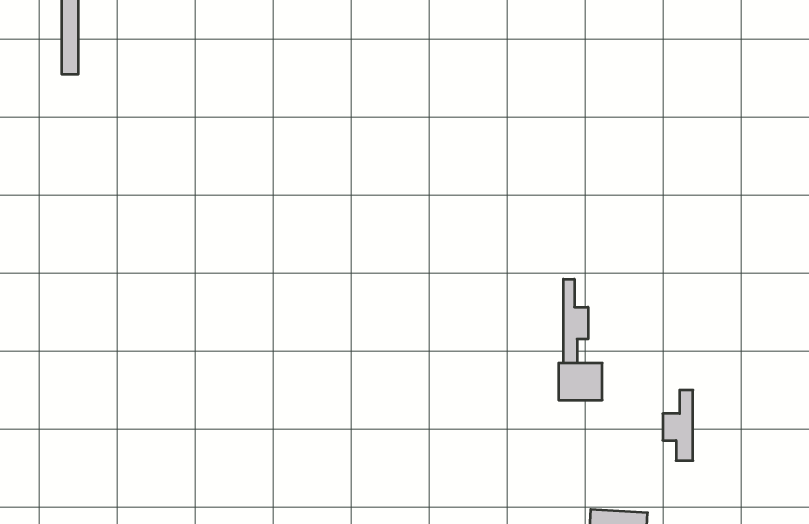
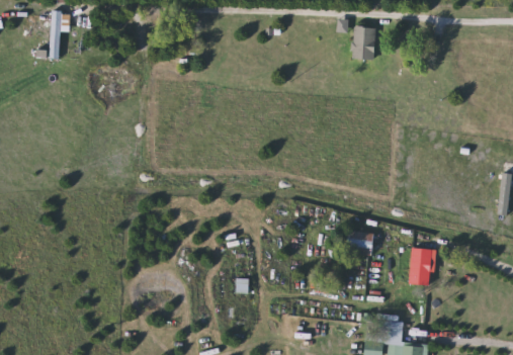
building: none -> [353,26,375,59]
building: [563,279,588,363] -> none

